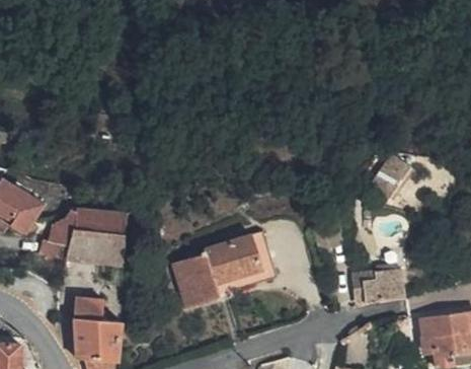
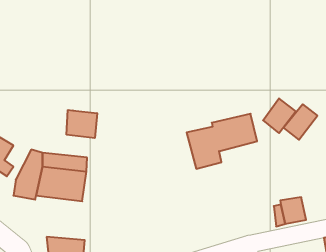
building: none -> [263,98,296,133]
building: none -> [67,110,97,138]
building: [172,236,260,305] -> [187,114,257,169]

